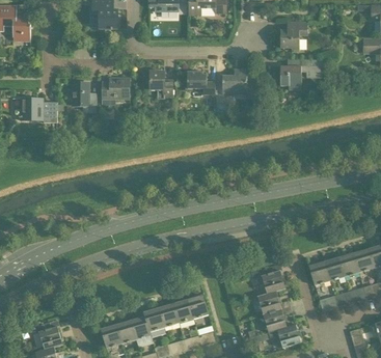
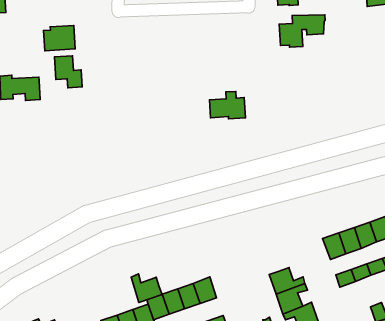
building: [222,68,254,93] -> [209,91,245,119]
building: [151,71,173,99] -> none
building: [187,71,215,94] -> none
building: [102,77,130,99] -> [44,25,75,51]
building: [251,267,285,293] -> none
building: none -> [131,274,162,303]

